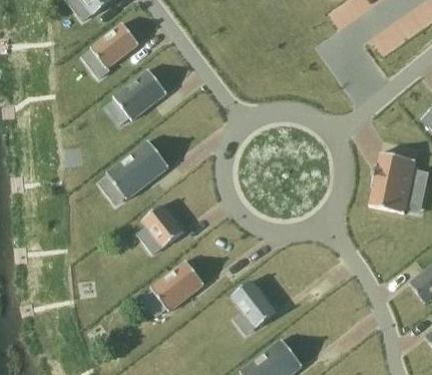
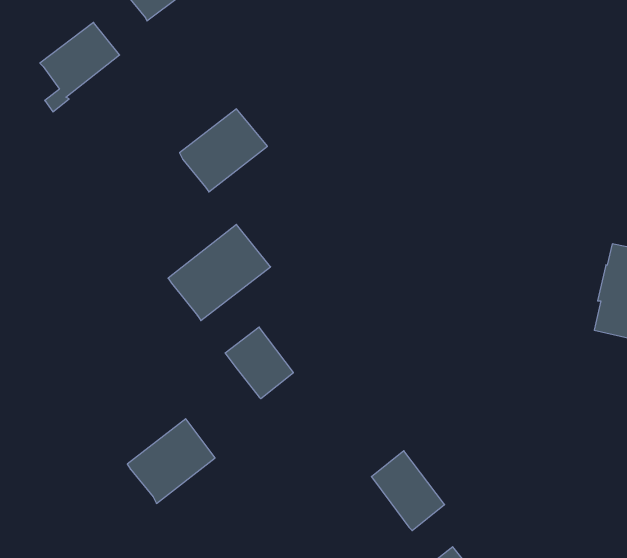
building: [90,23,139,78] -> [40,22,120,112]
building: [150,260,204,312] -> [127,419,215,503]

